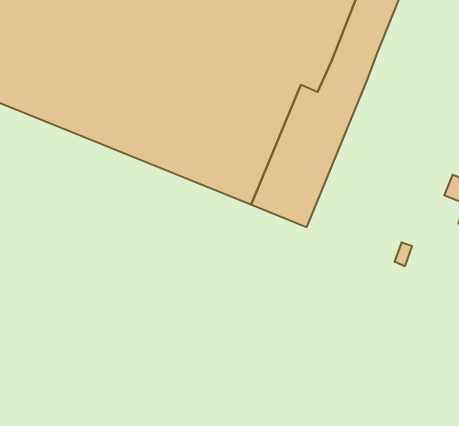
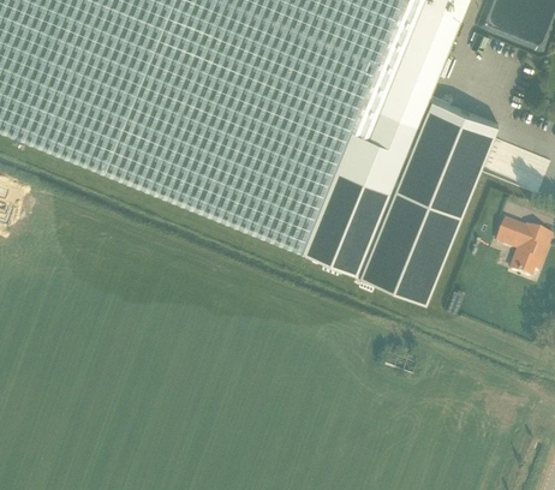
building: none -> [356,96,497,303]

